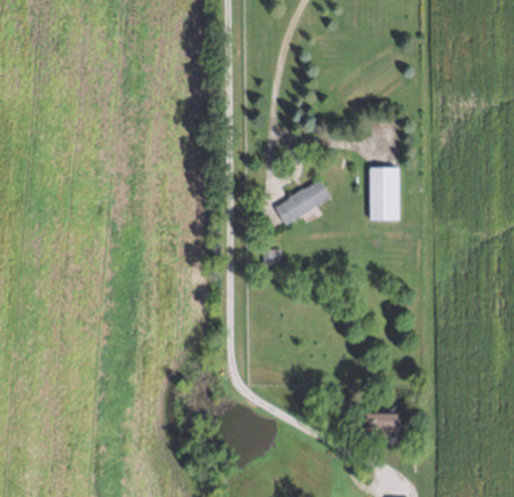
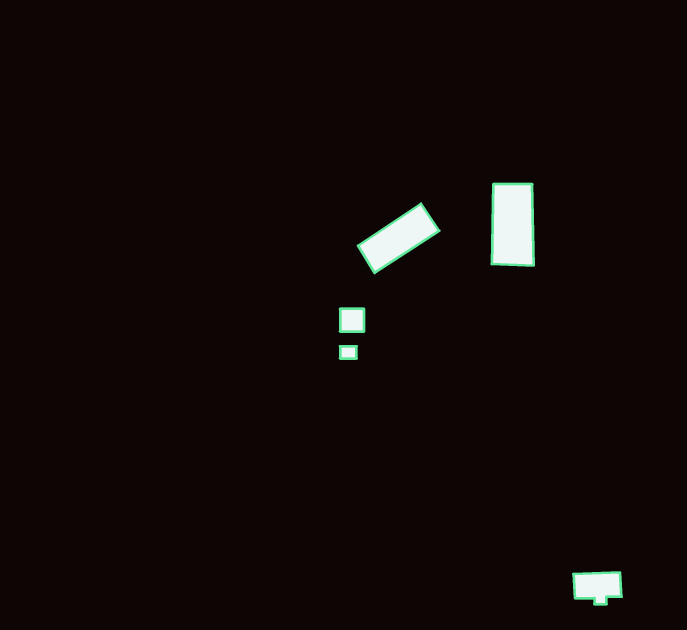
building: [369,414,402,435] -> [573,573,622,604]

